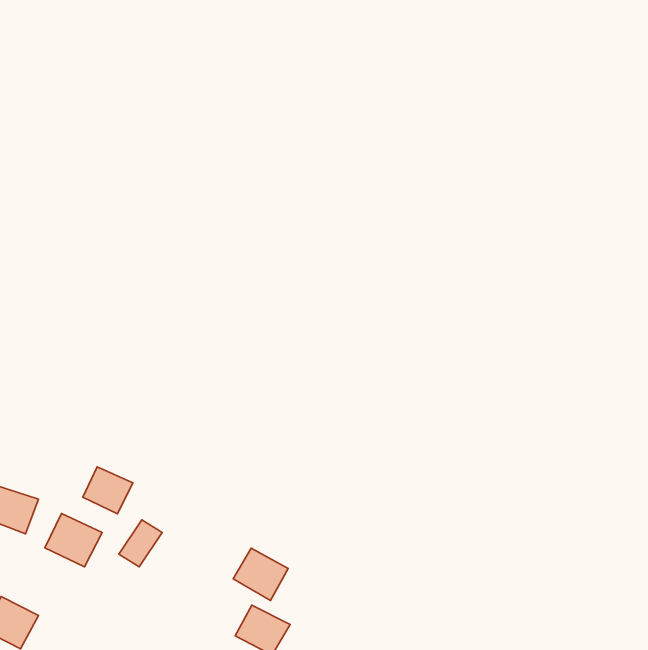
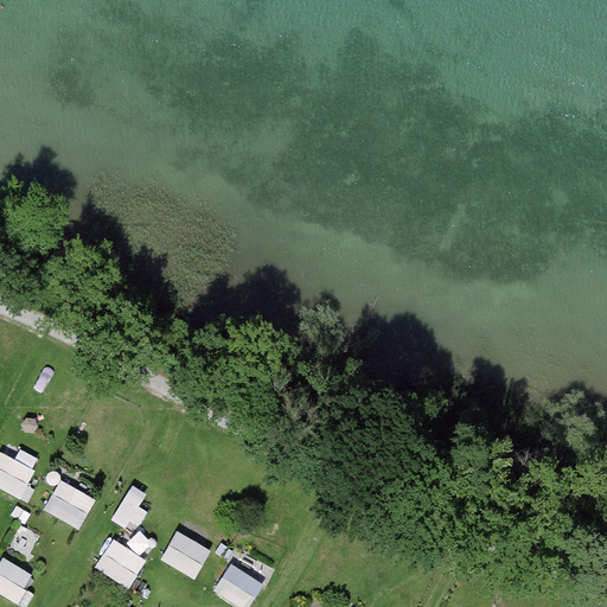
building: [83,467,133,514] -> none
building: [233,548,288,601] -> [159,530,210,579]
building: none -> [92,537,146,588]

